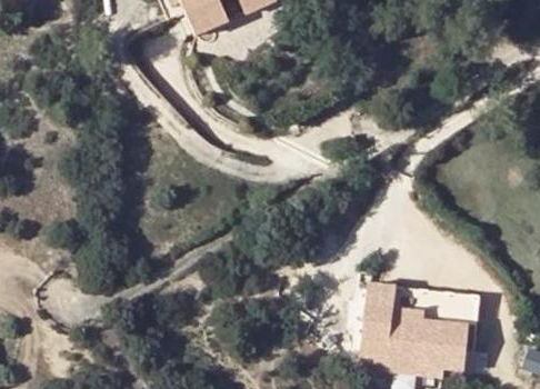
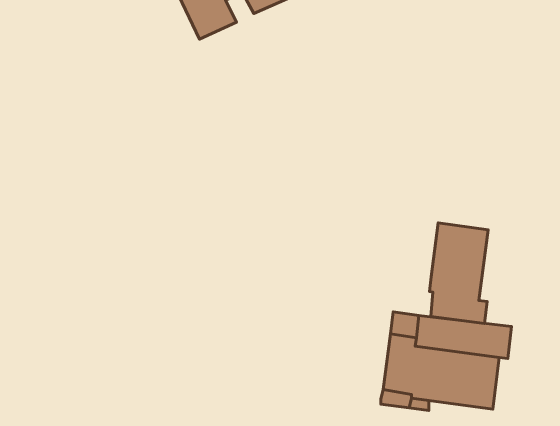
building: none -> [429,223,488,323]

